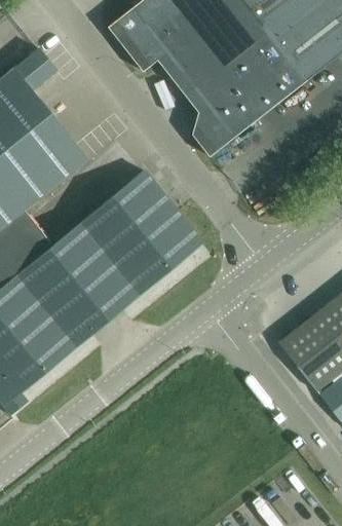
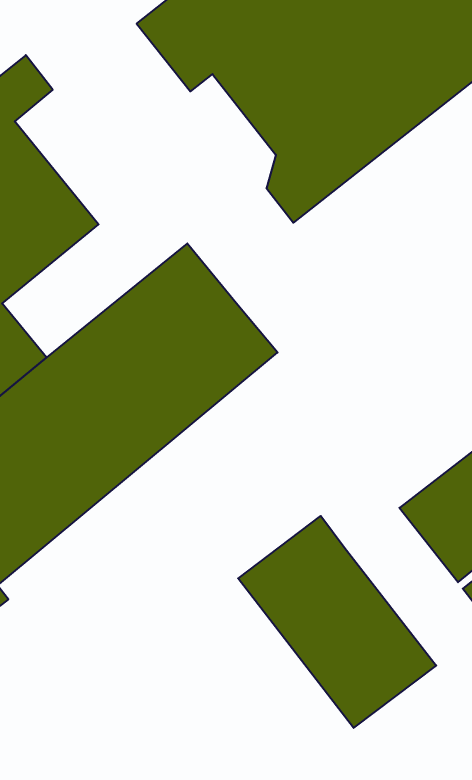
building: none -> [238,516,436,728]

